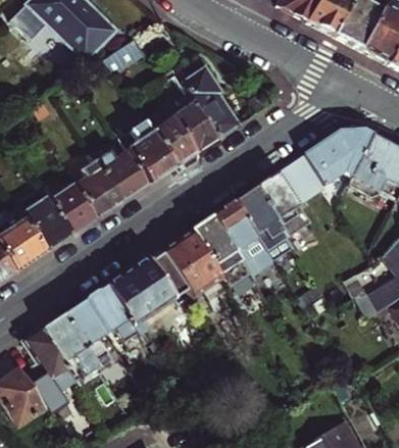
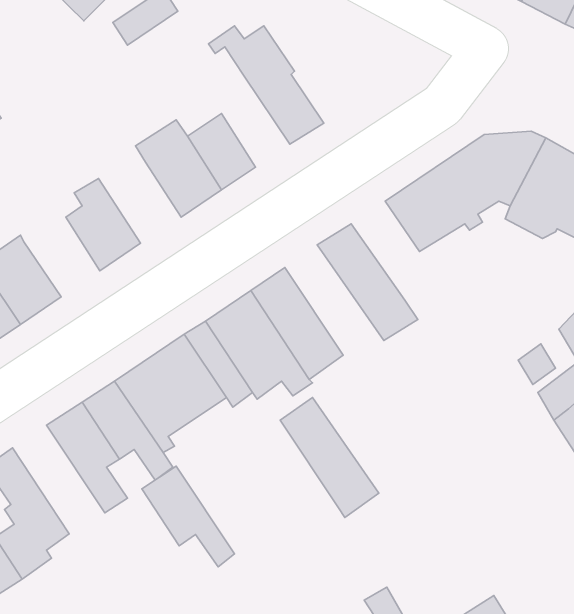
building: [170,94,215,151] -> none
building: [95,148,147,199] -> none
building: [254,172,308,235] -> none
building: [48,182,96,233] -> none
building: [212,200,275,276] -> [280,397,379,518]
building: [41,313,99,377] -> [142,466,234,567]

